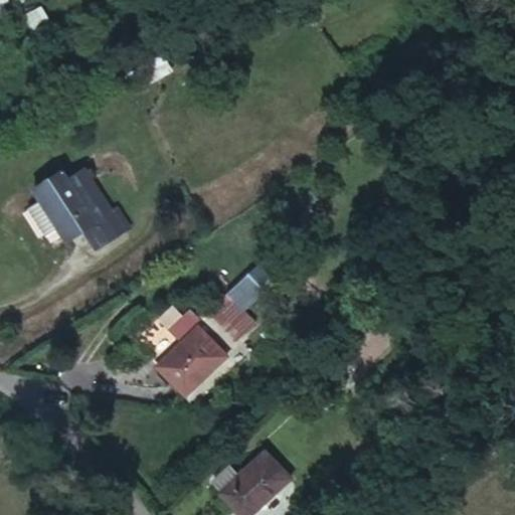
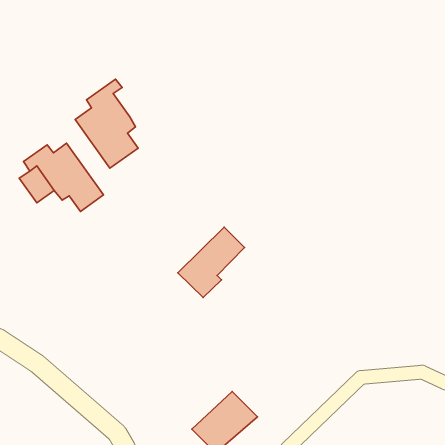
building: none -> [75,79,138,168]
building: [156,317,228,388] -> none

